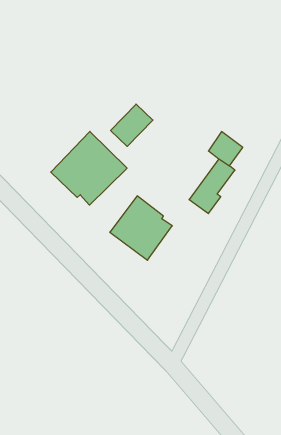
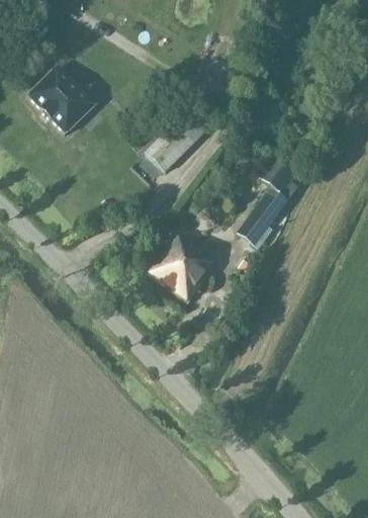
building: none -> [27,65,95,133]
building: [51,131,127,205] -> none

